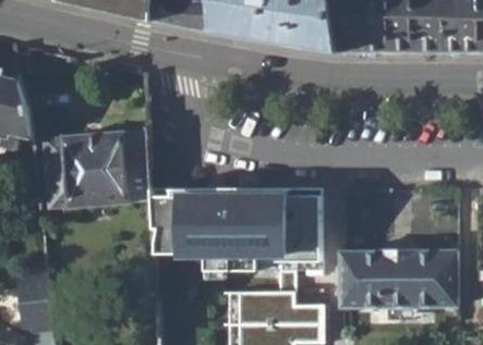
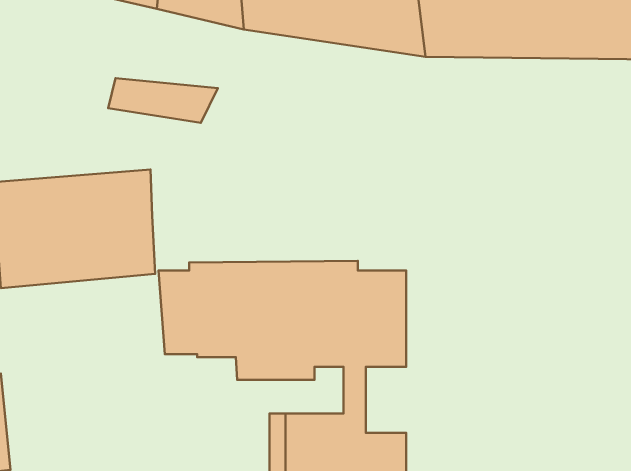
building: none -> [108,78,218,123]
building: [339,249,455,304] -> none

